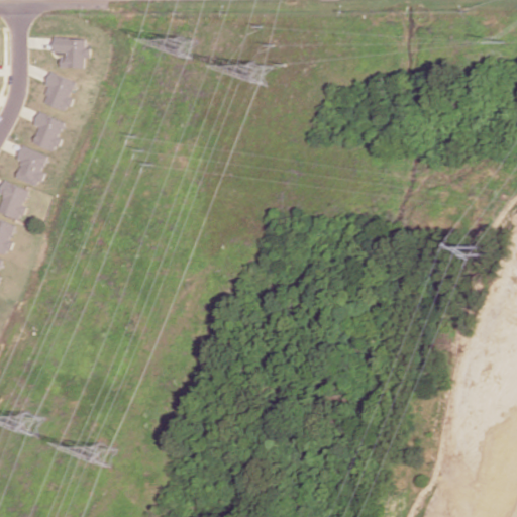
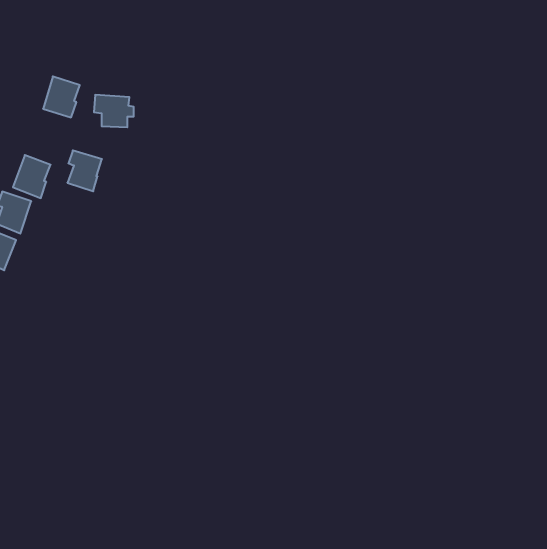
building: [51,37,89,68] -> [94,95,134,127]
building: [31,113,64,151] -> [67,150,102,191]

